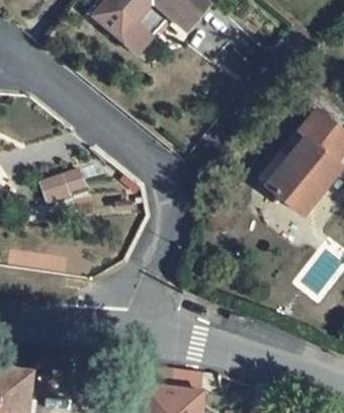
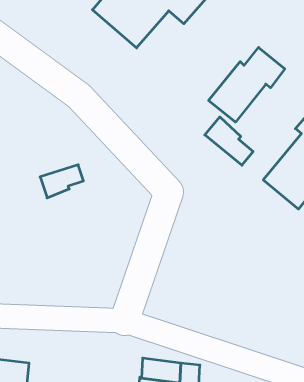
building: none -> [209,47,285,122]
building: none -> [205,117,253,165]

